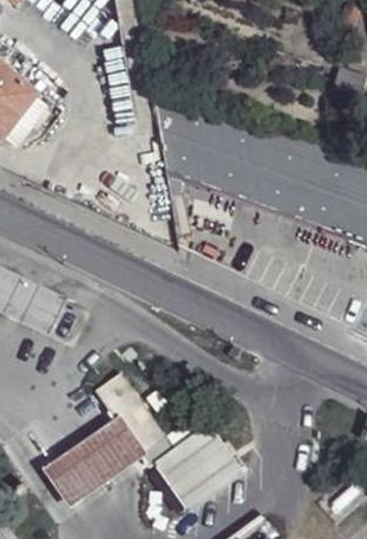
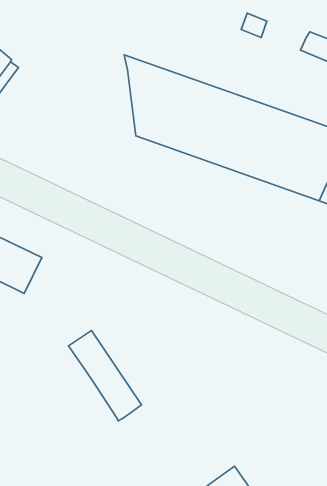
building: [43,419,145,511] -> none
building: [152,421,238,505] -> none

